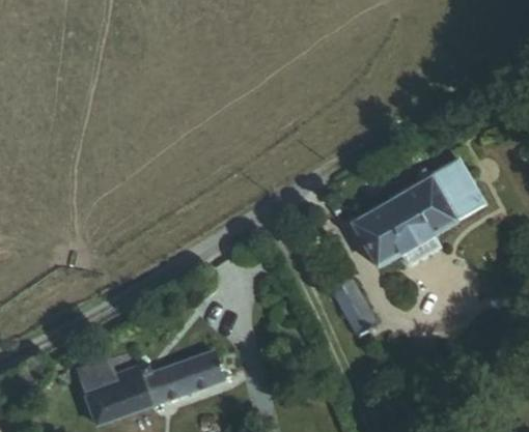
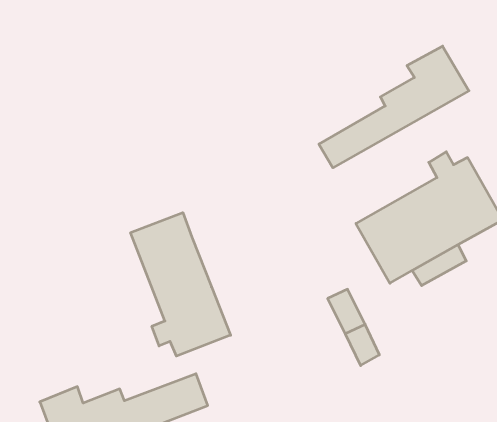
building: none -> [319,46,469,168]
building: none -> [131,213,231,356]

